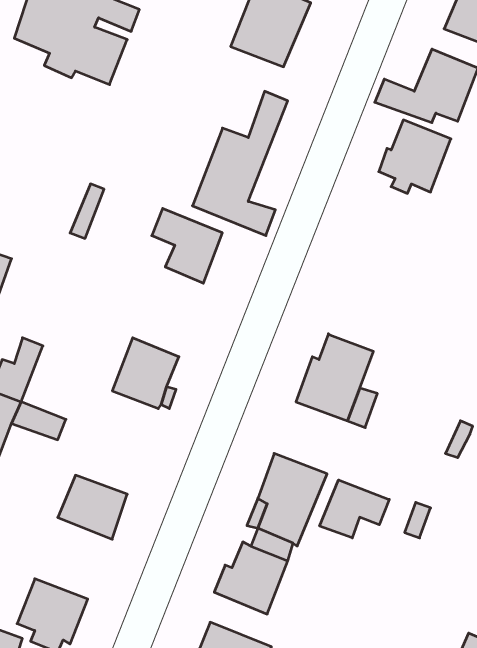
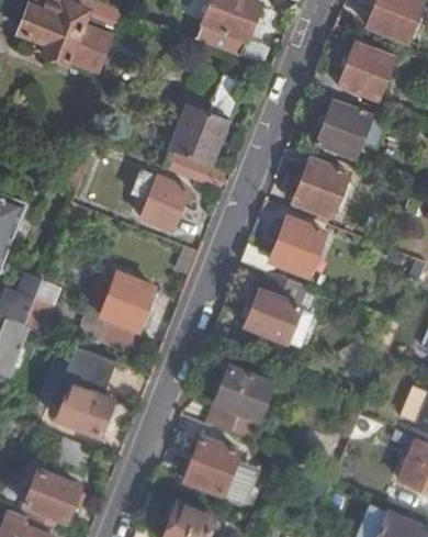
building: none -> [291,157,349,223]
building: none -> [244,219,326,275]
building: none -> [64,346,113,380]
building: [320,480,389,538] -> none

